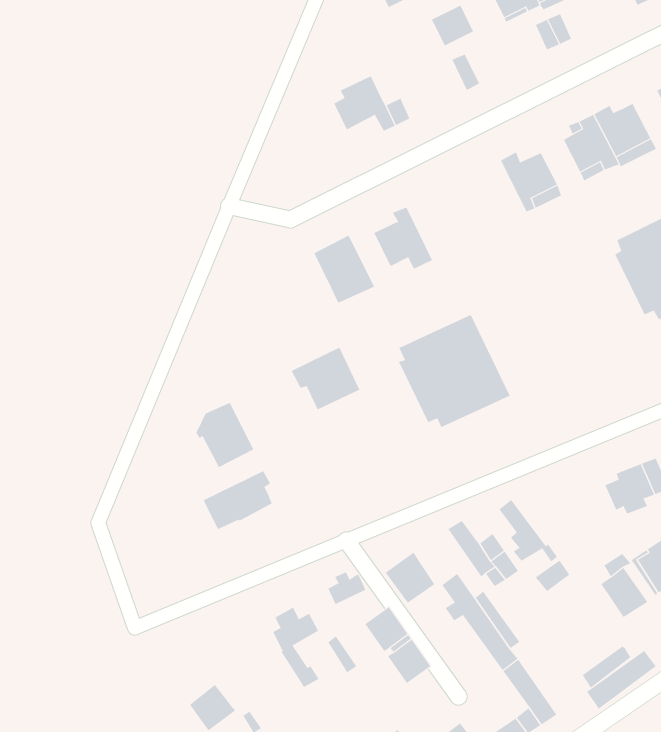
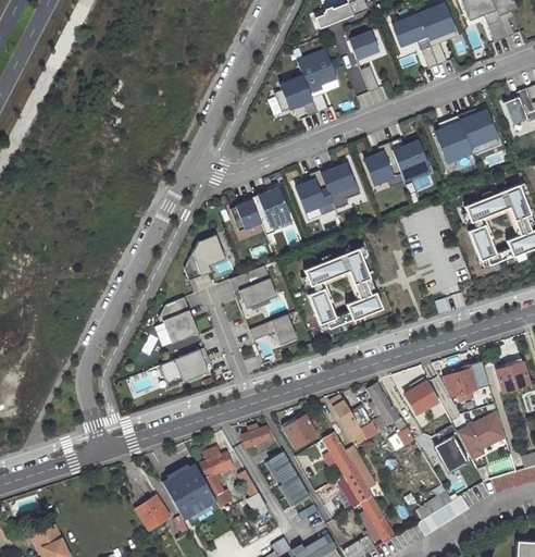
building: none -> [297,51,334,94]
building: none -> [363,144,403,187]
building: none -> [320,163,360,210]
building: none -> [231,198,261,231]
building: none -> [184,235,225,281]
building: none -> [249,315,296,346]
building: none -> [405,382,437,413]
building: none -> [162,462,216,520]

